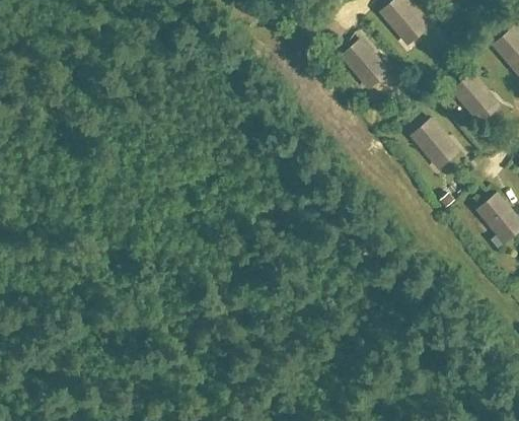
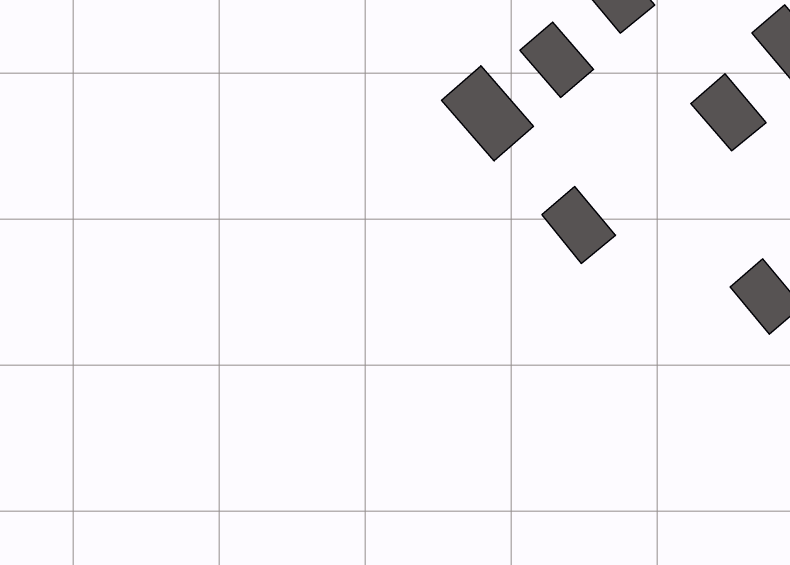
building: none -> [442,66,533,161]
building: [412,118,459,167] -> [542,187,616,263]

